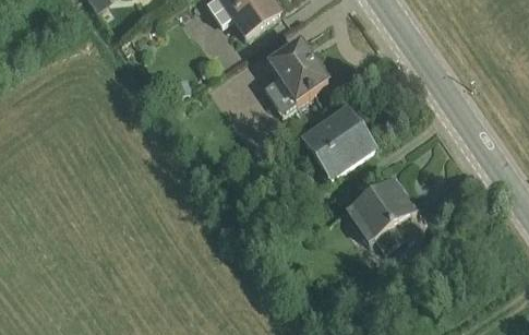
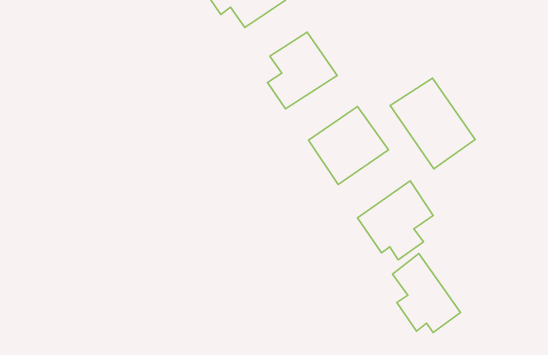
building: none -> [390,78,475,169]
building: none -> [392,254,461,333]

